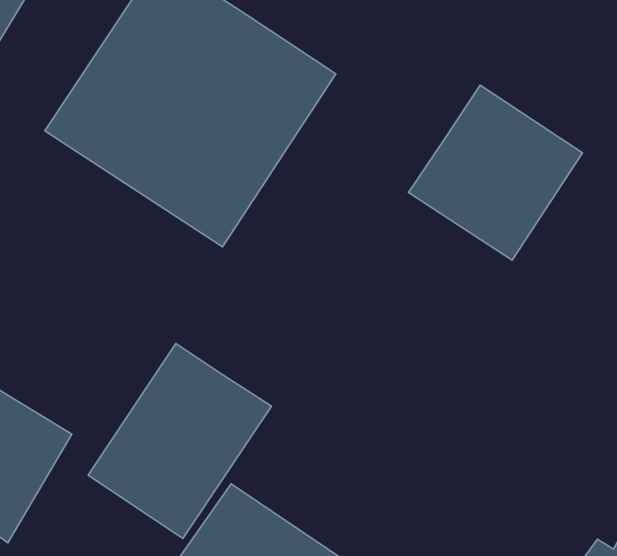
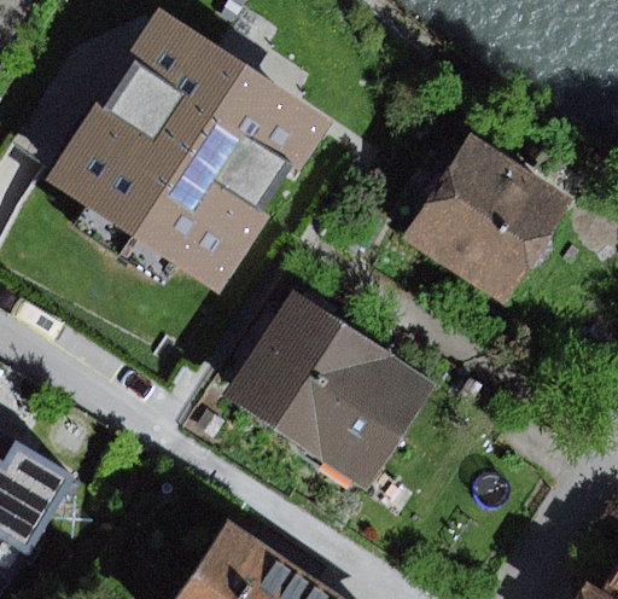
building: none -> [220,289,433,489]
building: [88,343,271,539] -> none

